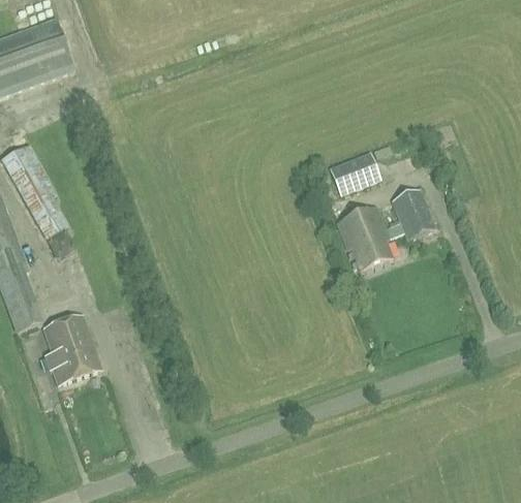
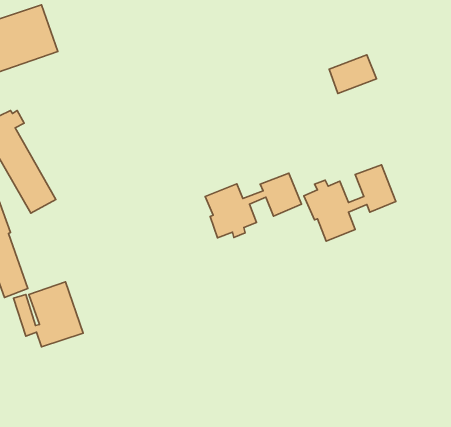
building: [329,153,379,194] -> [329,55,376,93]
building: none -> [205,173,301,238]

